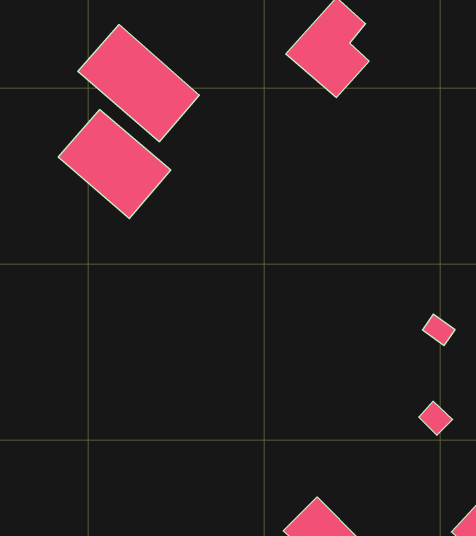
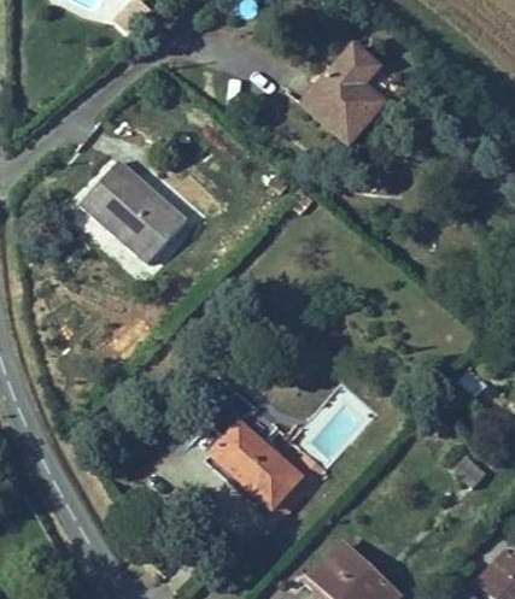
building: [78,25,199,142] -> none
building: none -> [212,421,305,513]

